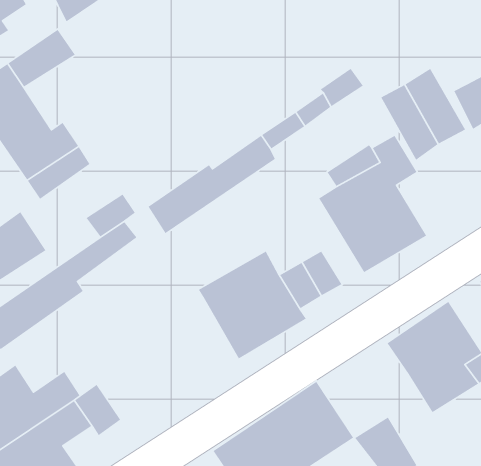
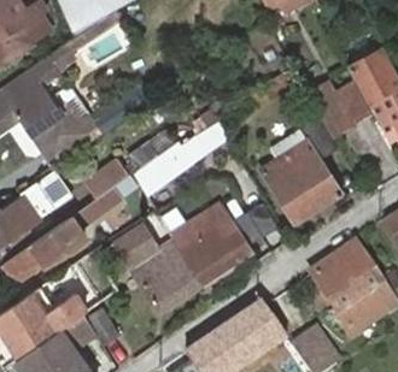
building: none -> [113,223,203,312]

